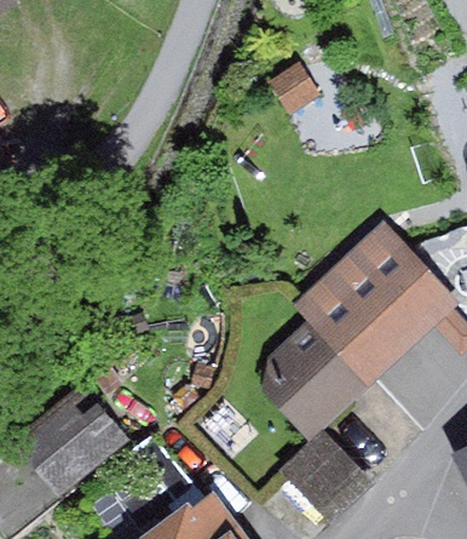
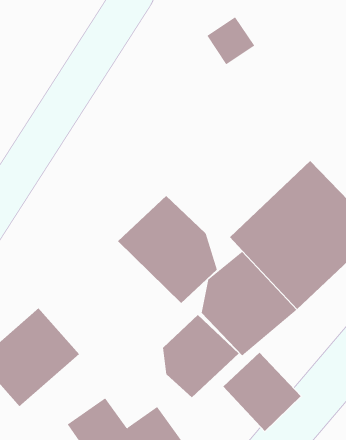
building: none -> [117,195,218,304]
building: none -> [162,314,239,398]

